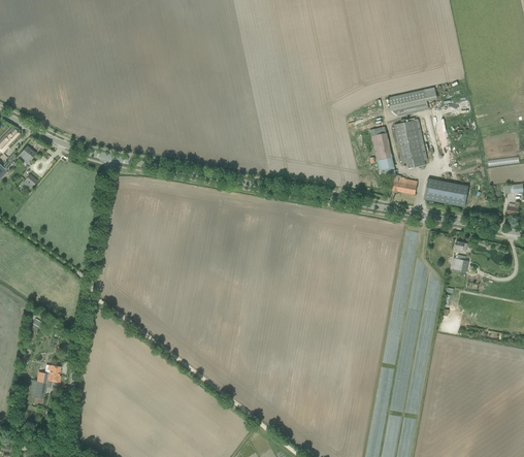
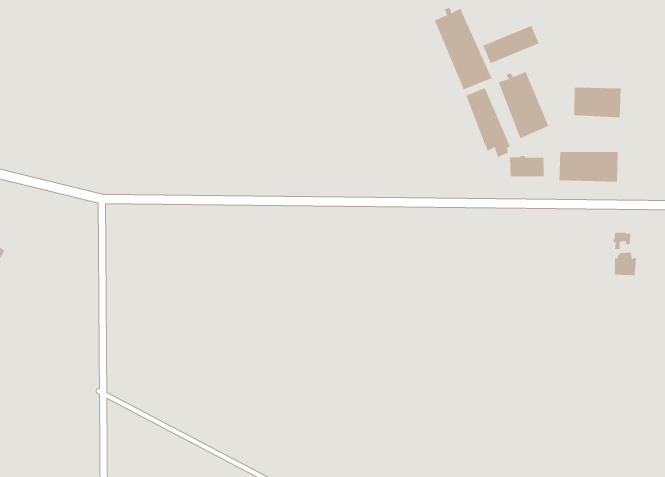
building: none -> [434,7,492,90]
building: none -> [574,87,621,118]

